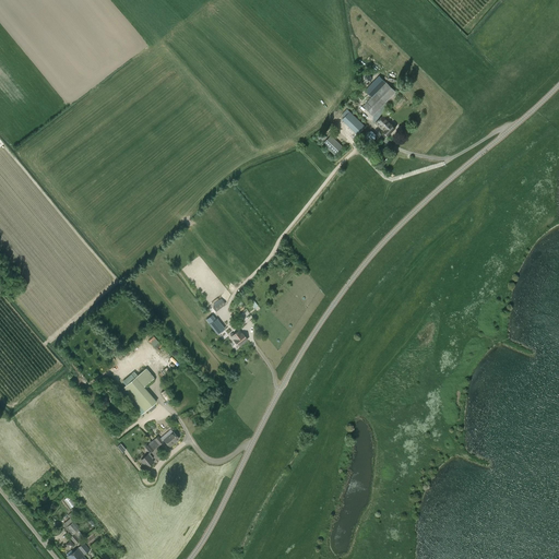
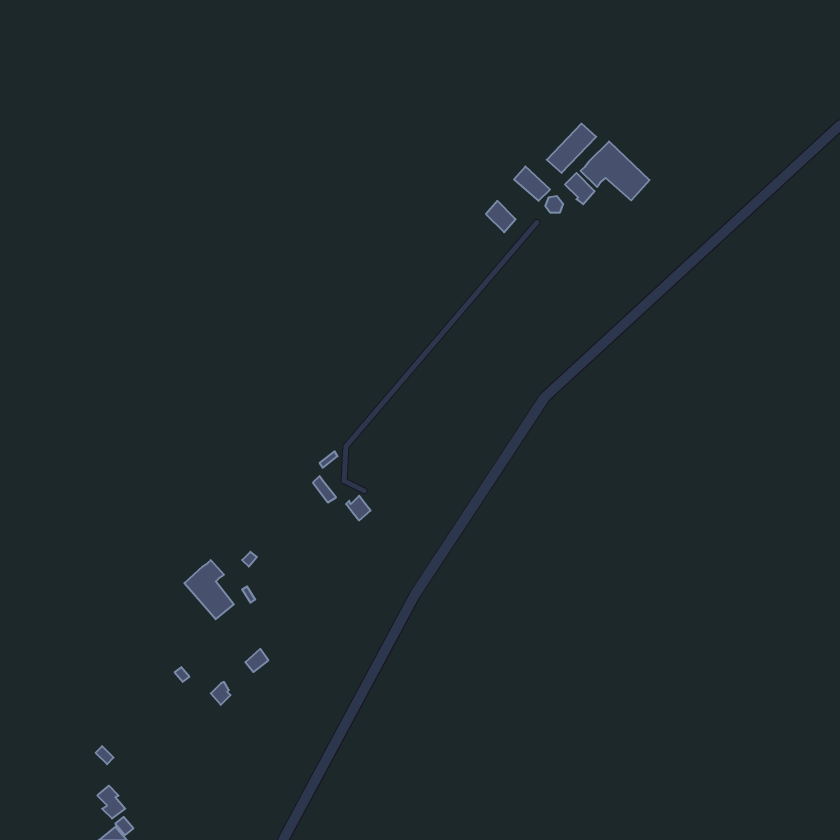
building: none -> [581,141,650,200]

